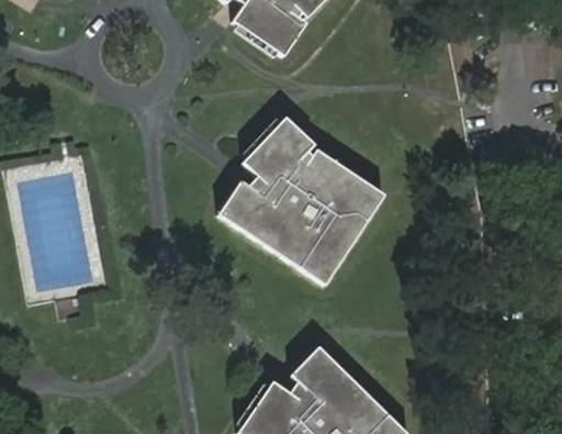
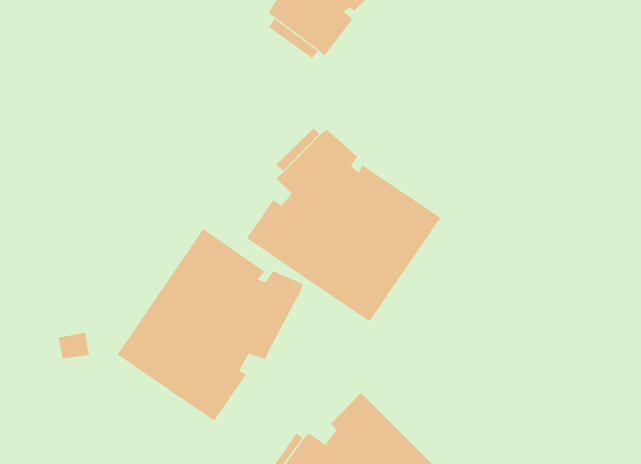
building: none -> [117,228,304,422]

